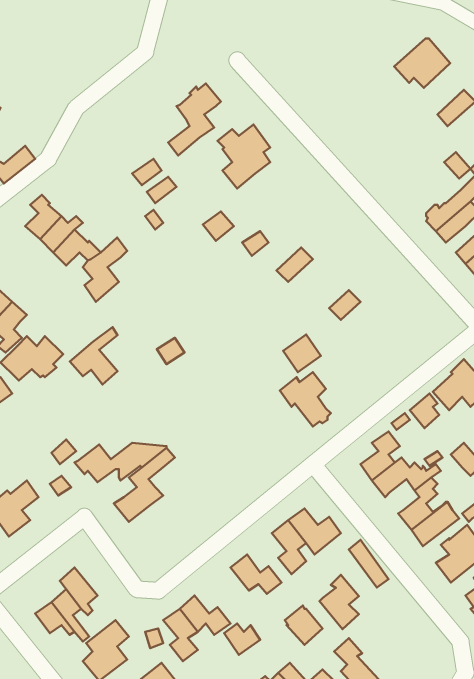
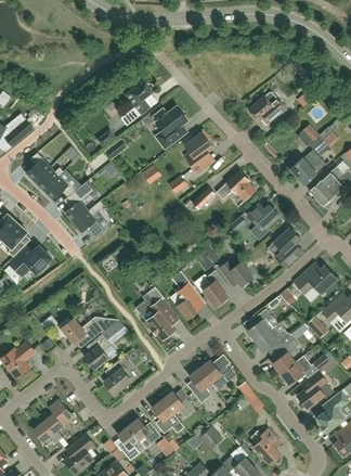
building: [394,38,450,88] -> [248,92,285,125]
building: none -> [184,130,214,173]
building: none -> [216,170,256,201]
building: none -> [246,204,278,229]
building: none -> [274,228,303,268]
building: [70,327,117,384] -> [73,201,104,239]
building: none -> [220,260,252,286]
building: none -> [172,271,206,320]
building: none -> [143,287,178,339]
building: none -> [104,356,133,395]
building: none -> [152,399,180,434]
building: [319,575,359,629] -> [253,428,280,464]

